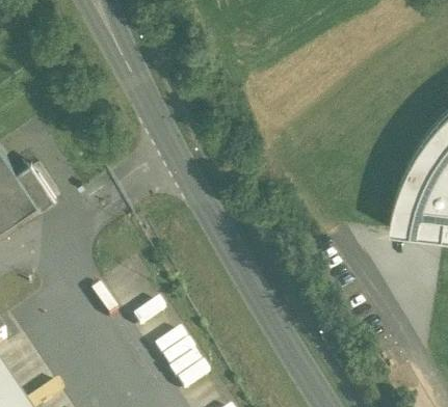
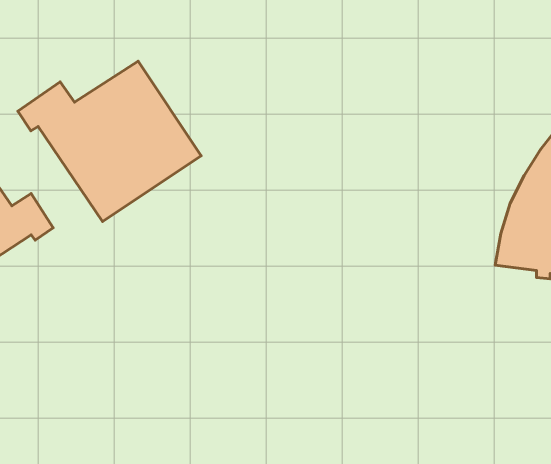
building: none -> [18,61,201,221]

